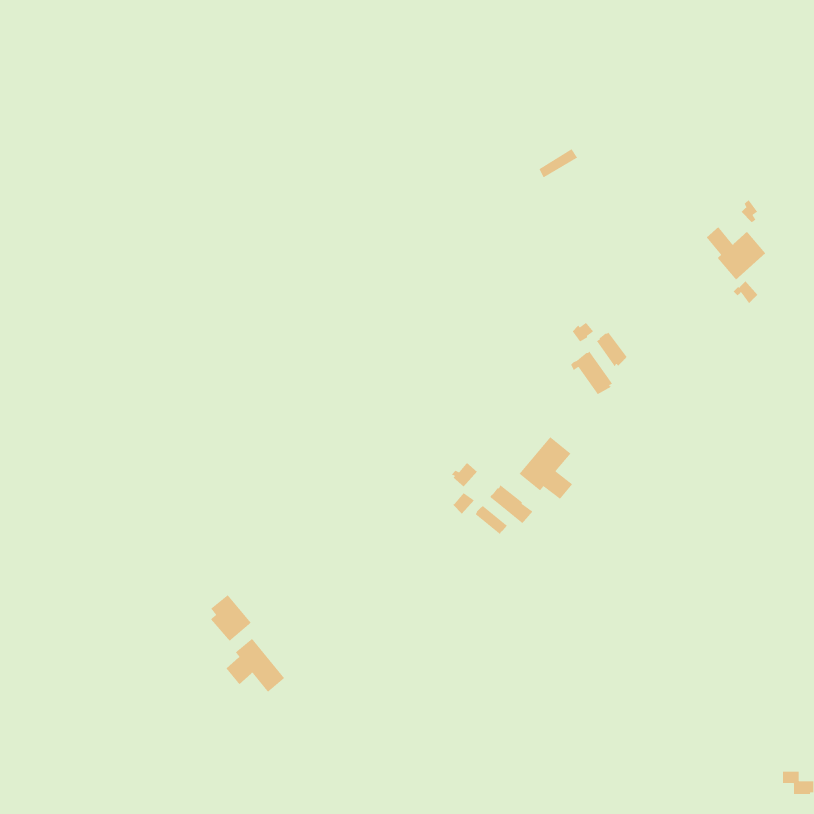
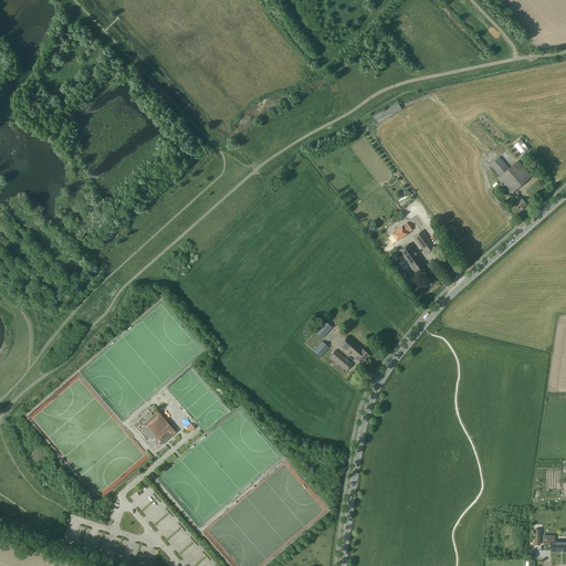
building: [518,436,573,500] -> none
building: [225,638,285,693] -> none

